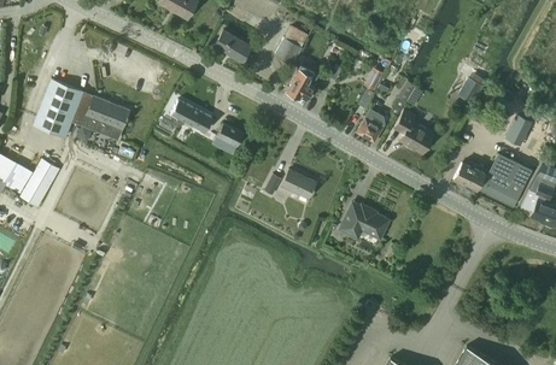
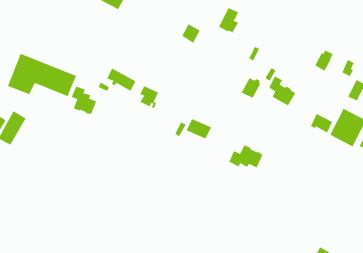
building: [213,30,250,63] -> none
building: [285,65,314,101] -> [218,7,239,33]
building: none -> [71,86,97,115]

